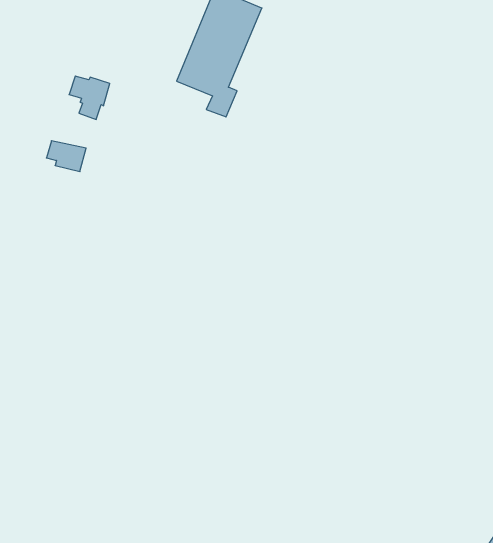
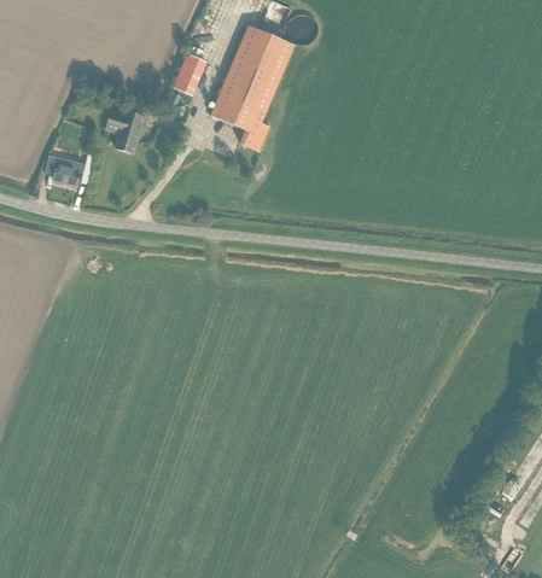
building: none -> [175,52,208,94]
building: [46,141,86,172] -> [46,154,84,185]

